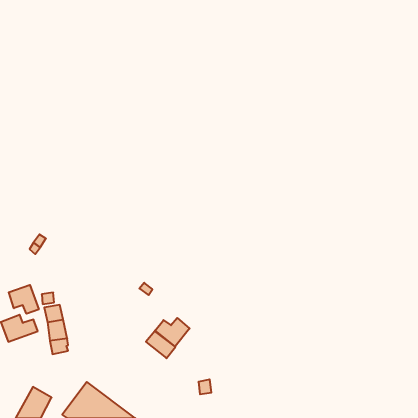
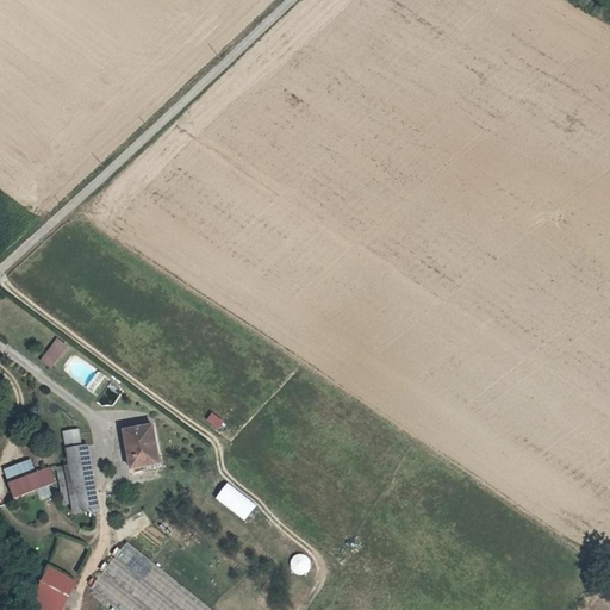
building: [9,285,39,314] -> none
building: none -> [124,425,158,469]
building: [155,318,190,346] -> none

